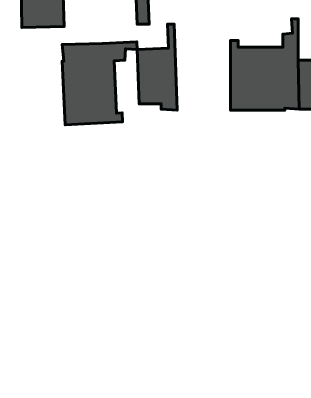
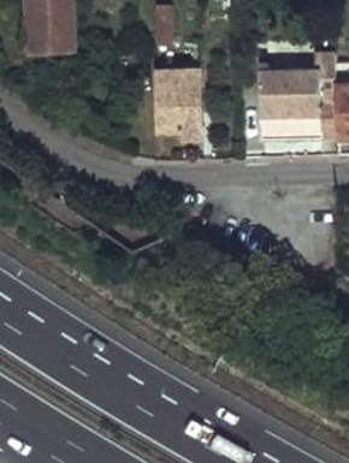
building: [62,42,137,125] -> none

